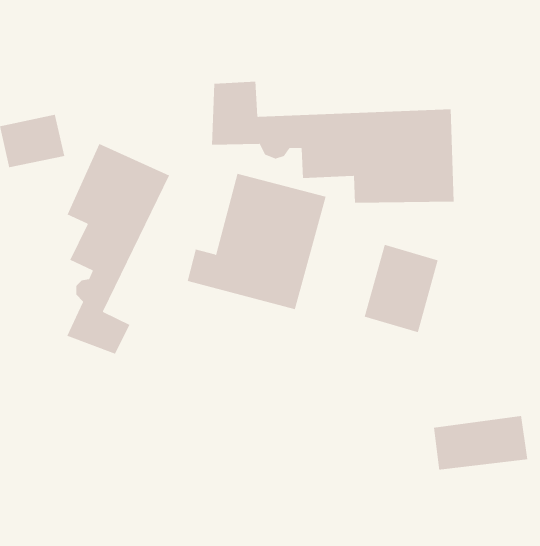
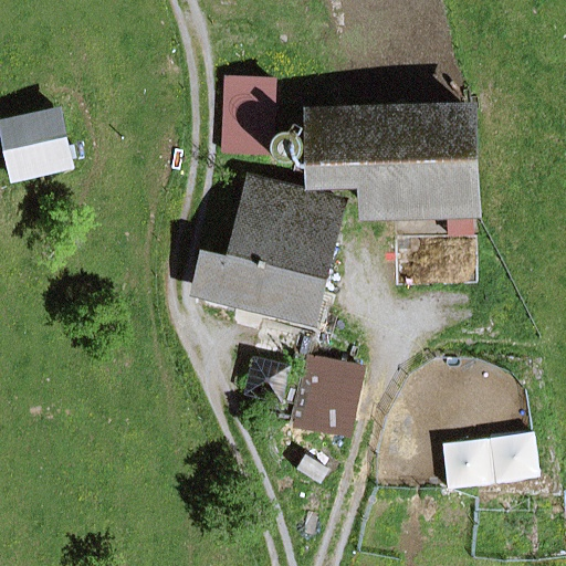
building: [67,143,170,354] -> none
building: [364,244,439,333] -> [293,350,370,442]

